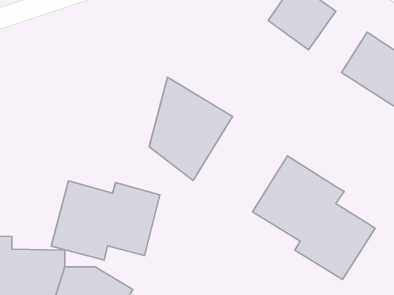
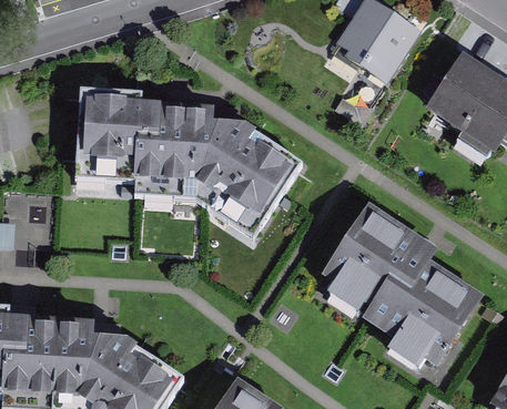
building: none -> [75,85,219,196]
building: [51,181,160,260] -> none

